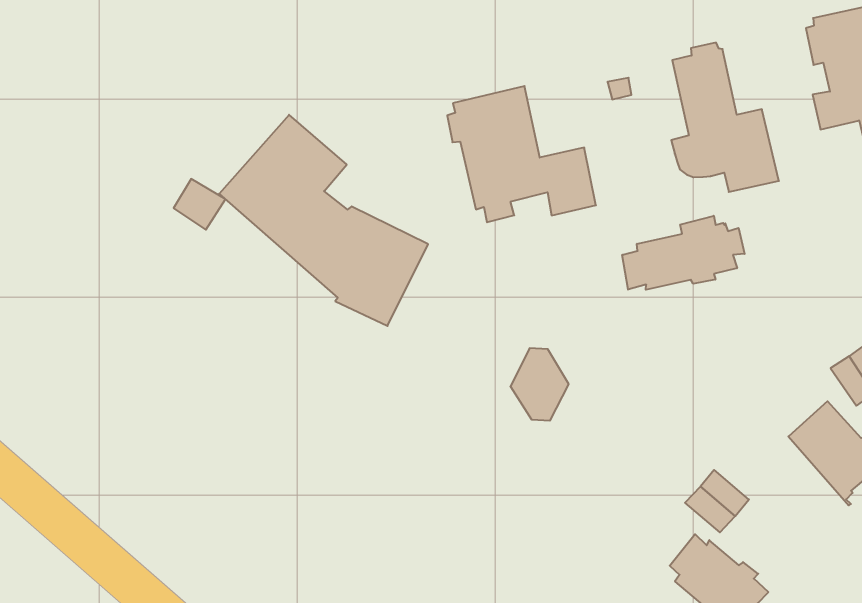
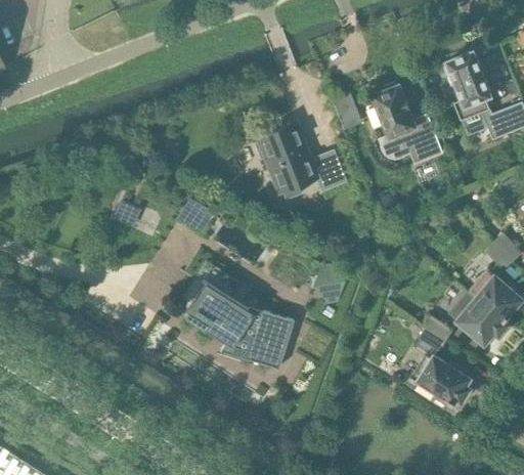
building: [219,115,428,326] -> [174,262,293,370]
building: [622,216,745,290] -> none
building: none -> [457,293,508,345]

